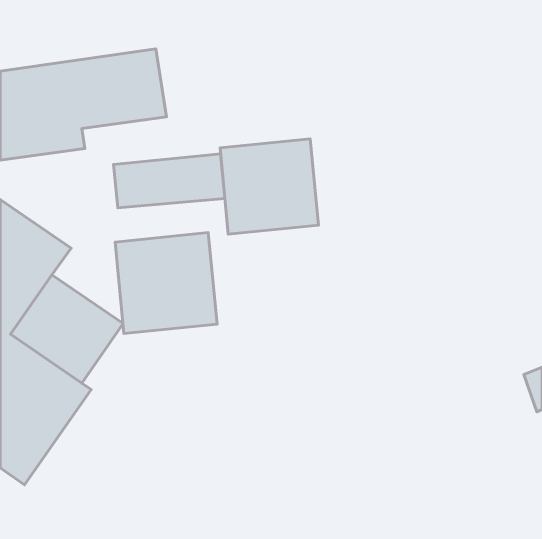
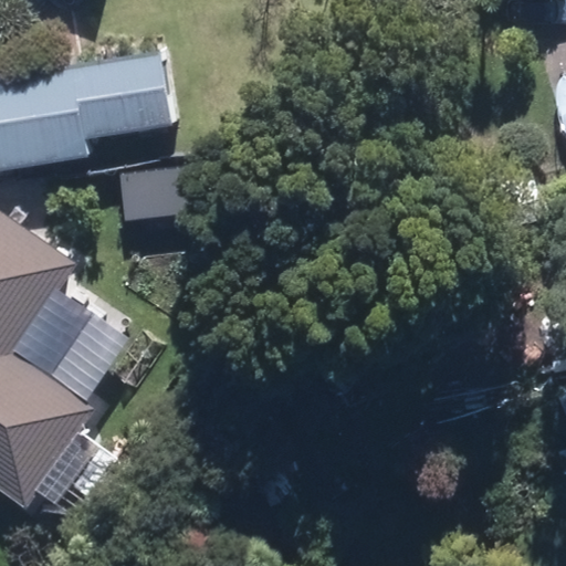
building: [220,139,318,234] -> none
building: [115,233,217,334] -> none

